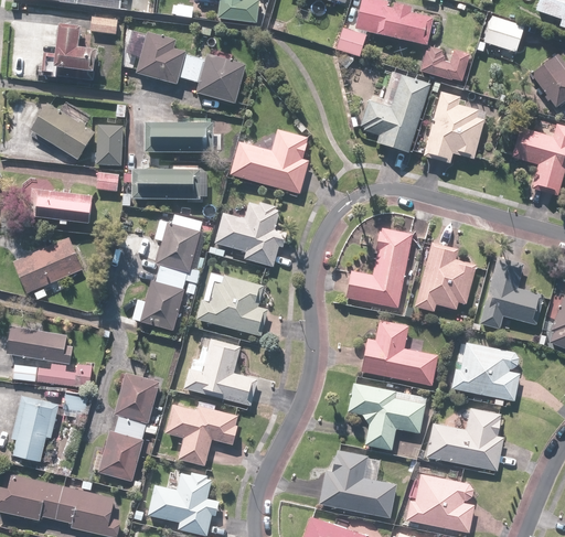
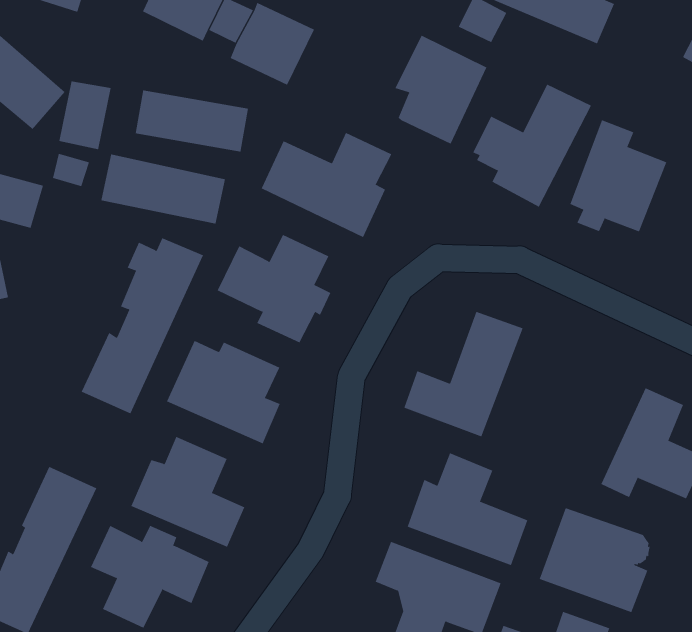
building: [419,47,468,84] -> none
building: none -> [395,35,487,144]
building: [414,241,476,313] -> none

